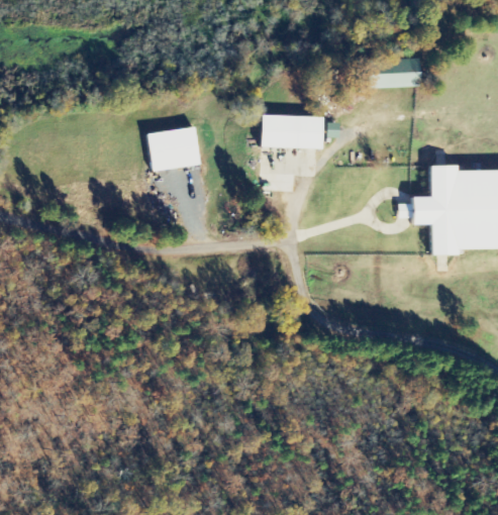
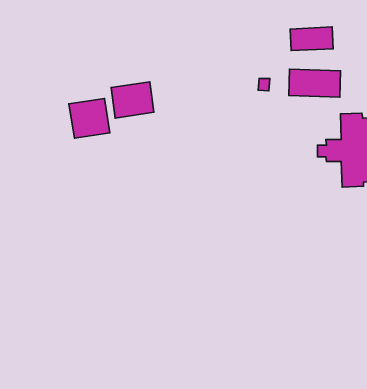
building: [261,114,324,148] -> [289,69,341,97]
building: none -> [69,99,110,138]

